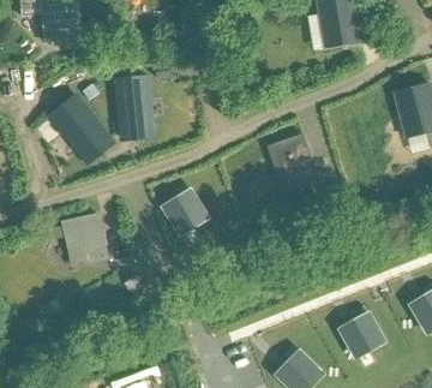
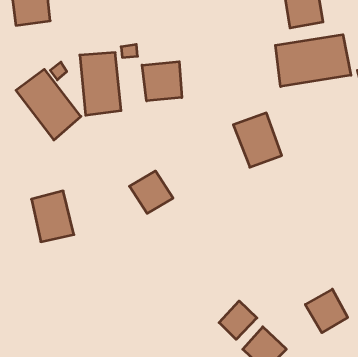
building: none -> [275,35,351,87]
building: none -> [142,62,182,101]
building: none -> [219,301,257,339]

